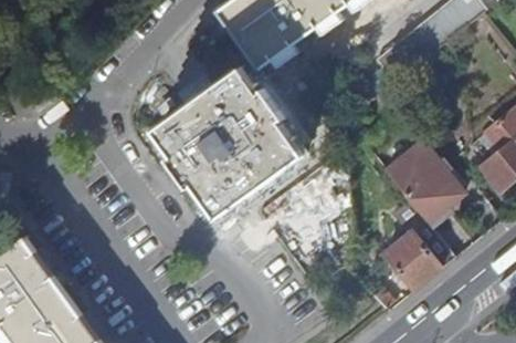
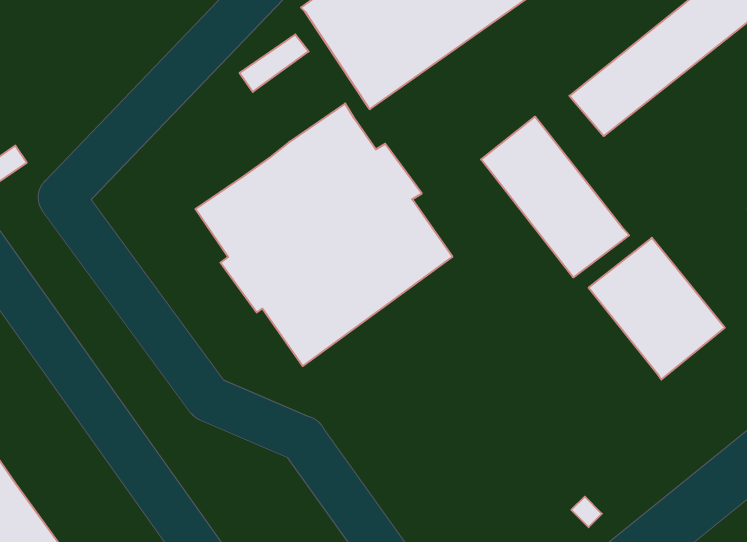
building: none -> [481,117,629,277]
building: [381,222,452,293] -> none

